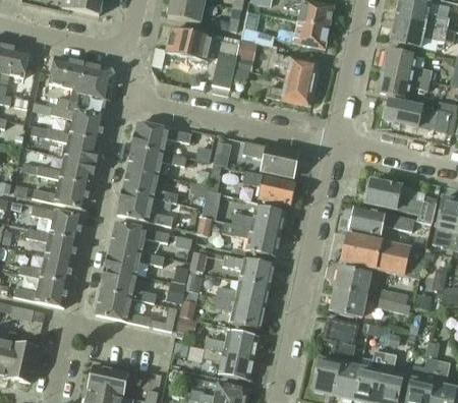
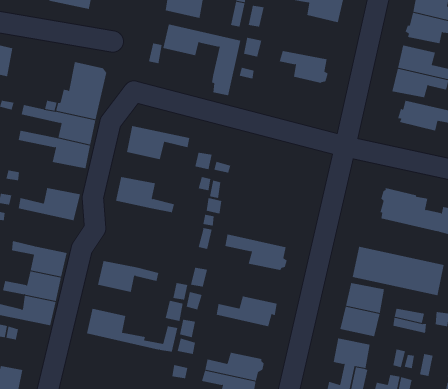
building: [276,19,328,48] -> none
building: [50,55,84,89] -> none
building: [266,76,316,104] -> none
building: [241,140,298,175] -> none
building: [127,146,185,174] -> none
building: [39,155,96,184] -> none
building: [242,171,294,205] -> none
building: [118,190,172,225] -> none
building: [347,205,413,234] -> none
building: [32,206,83,238] -> none
building: [223,206,287,233] -> none
building: [111,221,169,251] -> none
building: [222,253,274,285] -> none
building: [101,268,155,301] -> none
building: [213,295,265,327] -> none

